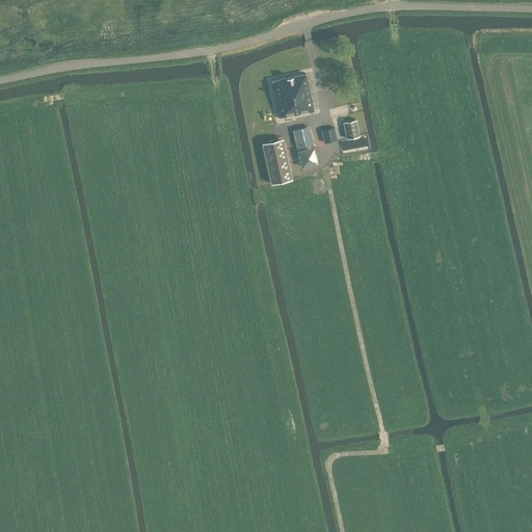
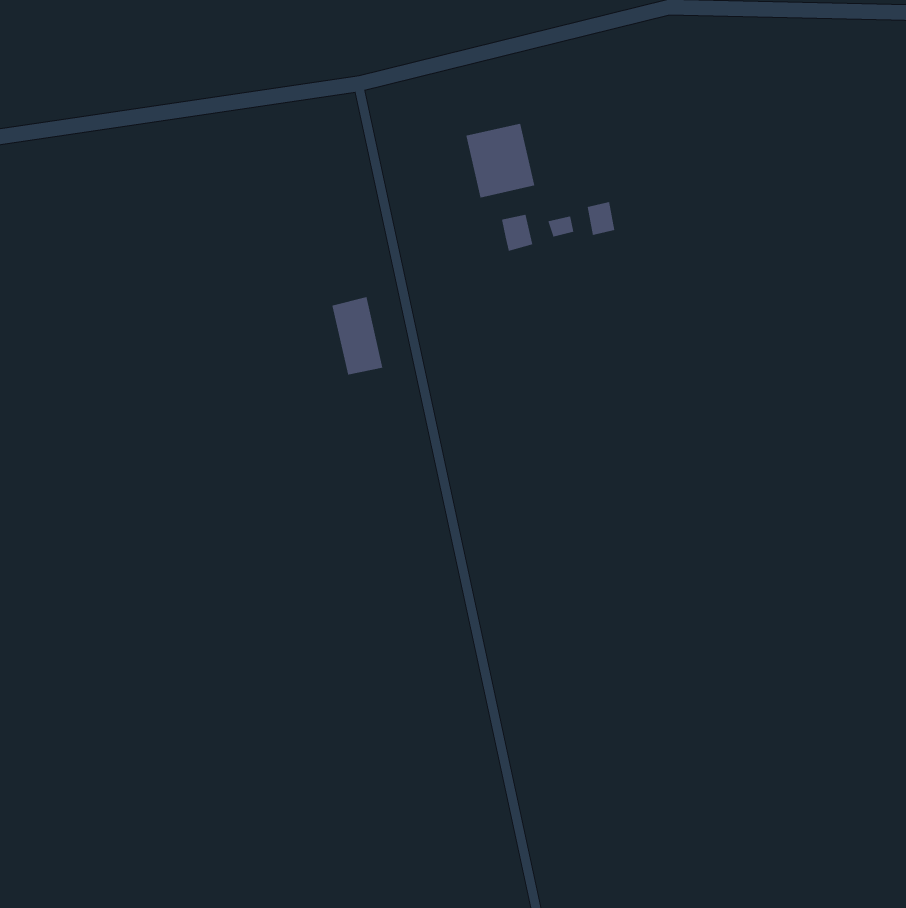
building: [260,138,290,184] -> [332,297,383,375]

